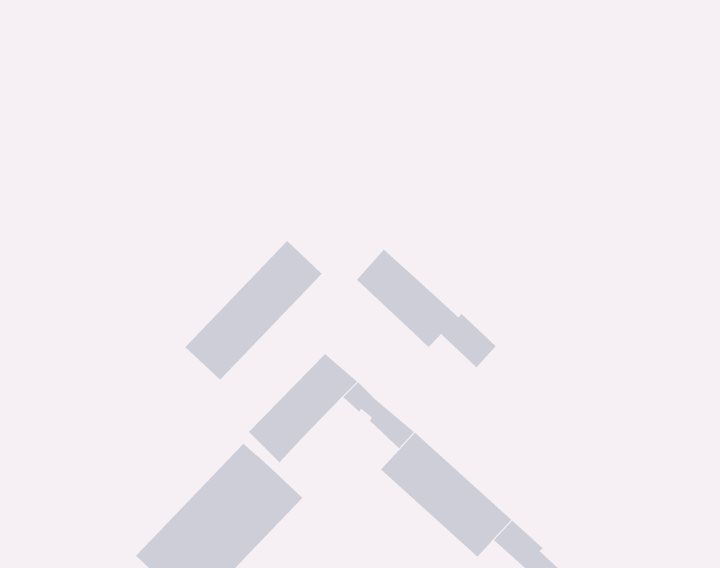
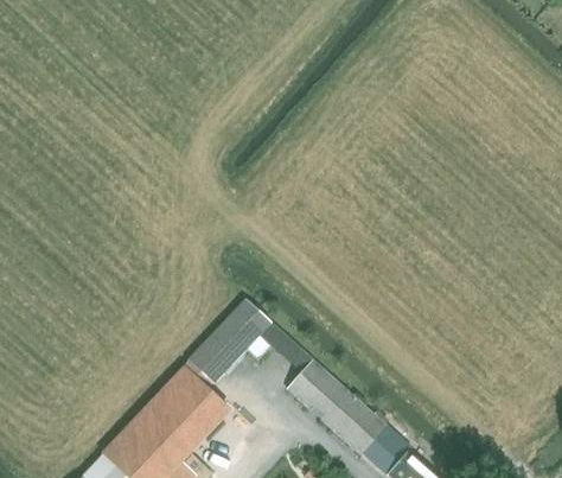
building: [184,240,323,381] -> none
building: [356,249,497,368] -> none

